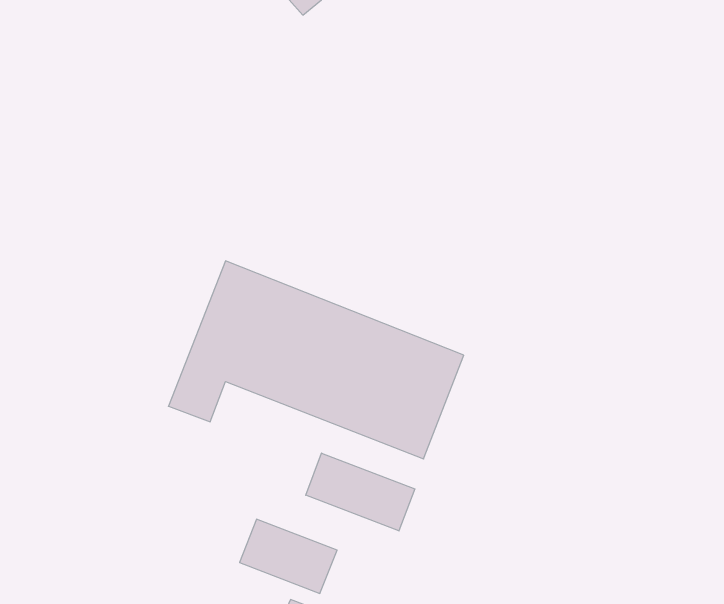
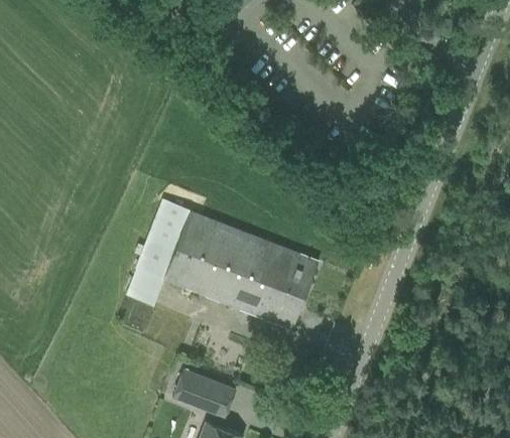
building: [306,453,415,531] -> none

